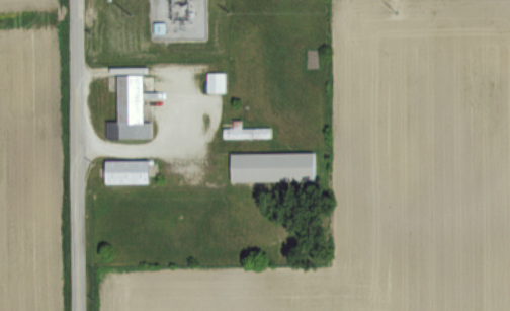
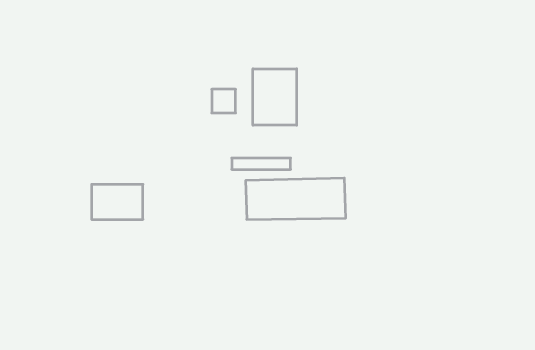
building: none -> [253,69,297,125]
building: [104,70,151,143] -> none

